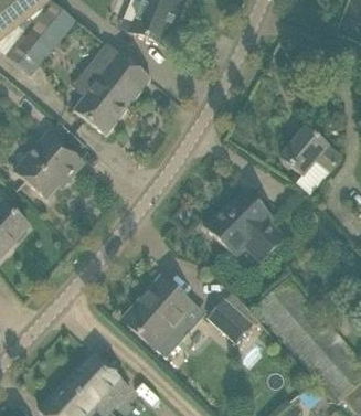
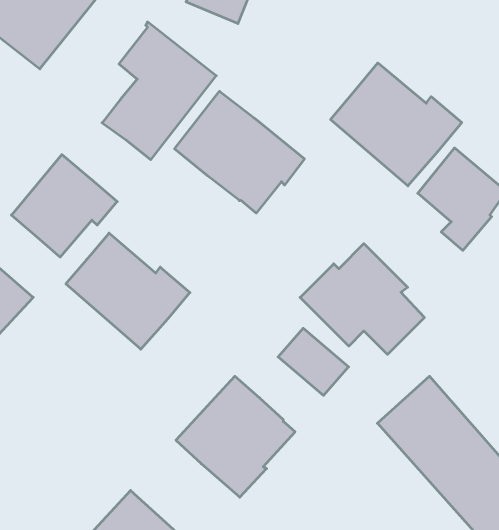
building: none -> [331,63,462,186]
building: none -> [175,91,304,213]
building: none -> [66,233,190,349]
building: [208,297,254,341] -> [278,328,349,395]

